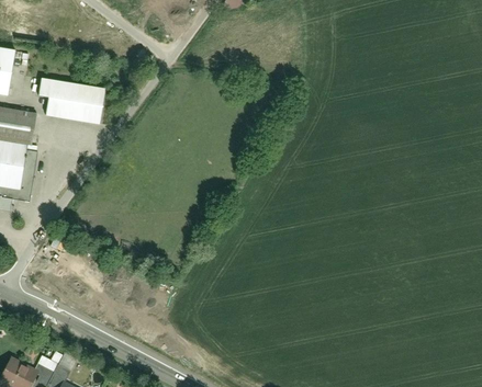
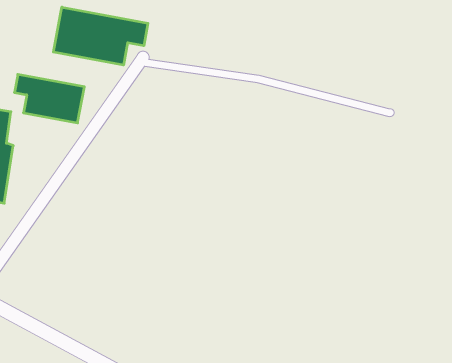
building: none -> [53,7,148,65]

